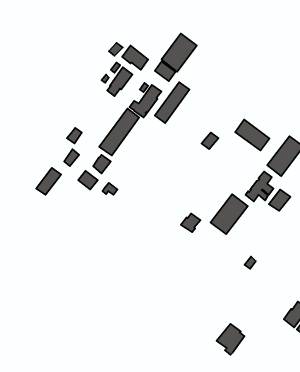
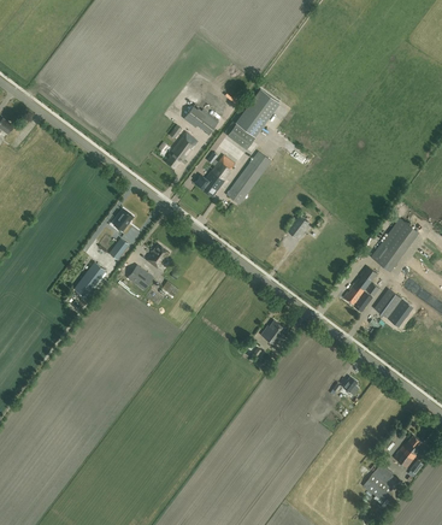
building: [99,109,139,155] -> none
building: [235,119,270,150] -> none
building: [210,194,248,234] -> none
building: [216,324,245,355] -> [363,464,399,503]

